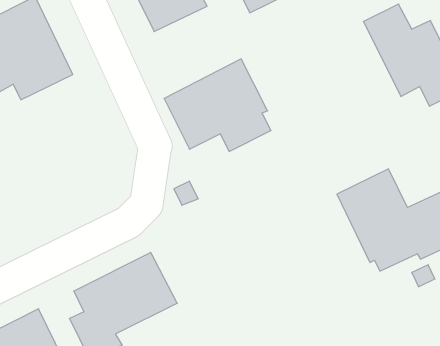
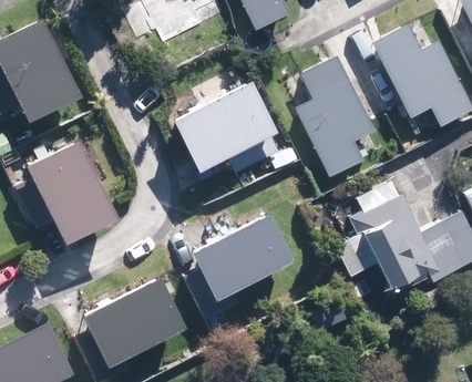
building: none -> [295,55,374,177]
building: none -> [16,140,115,244]
building: none -> [185,208,295,319]

